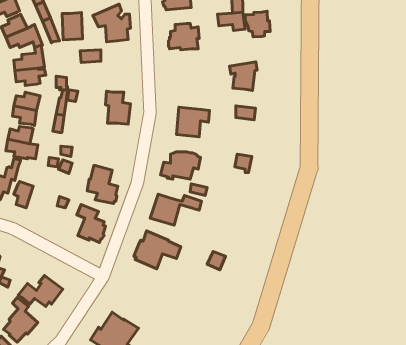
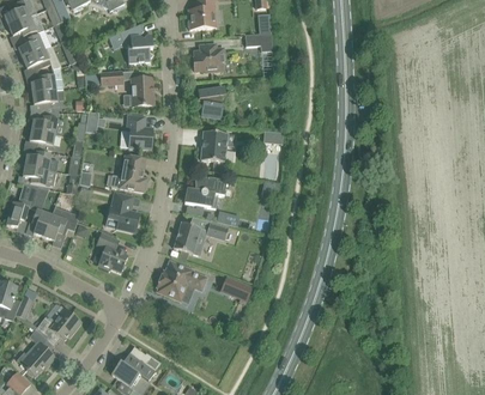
building: [245,11,270,37] -> none
building: [62,12,83,40] -> [131,77,152,105]
building: [230,62,257,90] -> [196,86,225,116]
building: none -> [117,154,146,190]
building: none -> [43,206,77,239]

